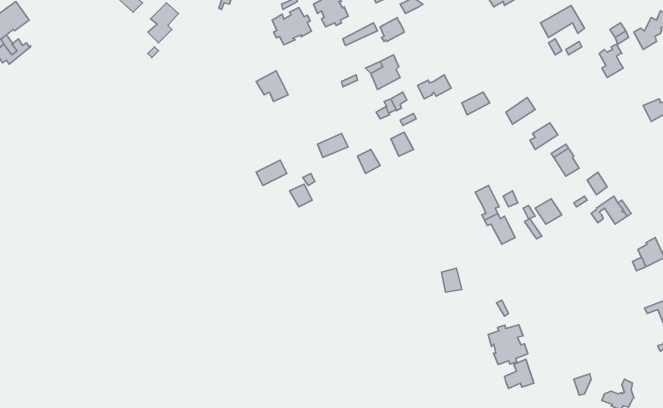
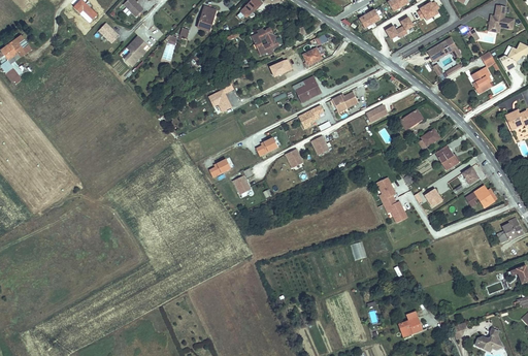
building: [272,7,311,45] -> none
building: [488,325,528,364] -> none

